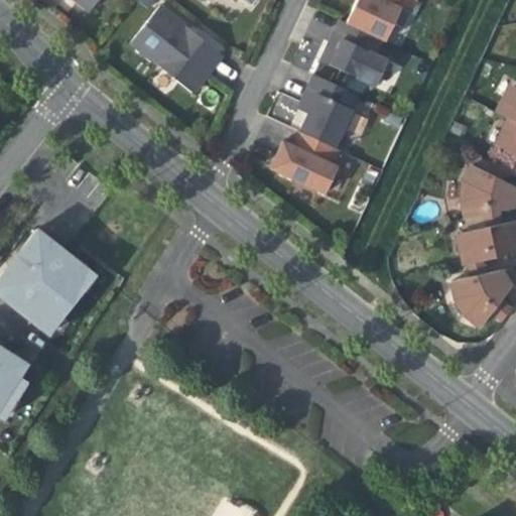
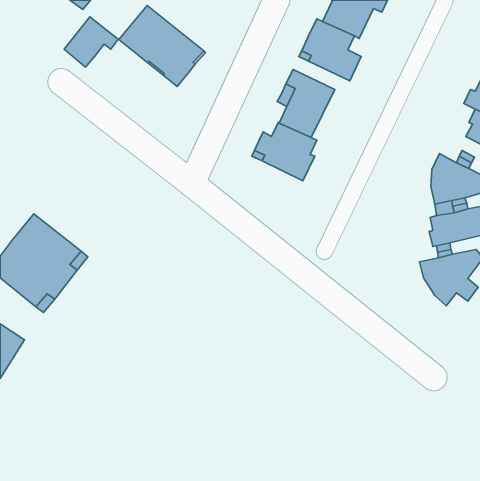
building: none -> [64,17,118,67]

